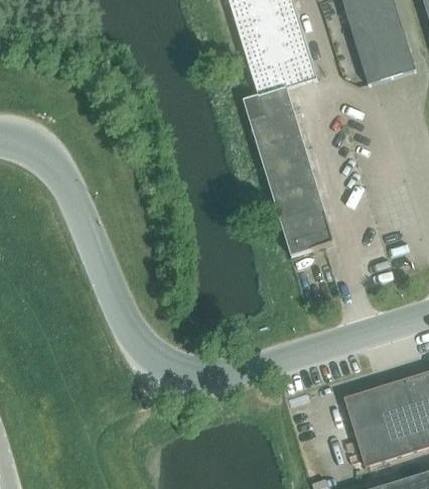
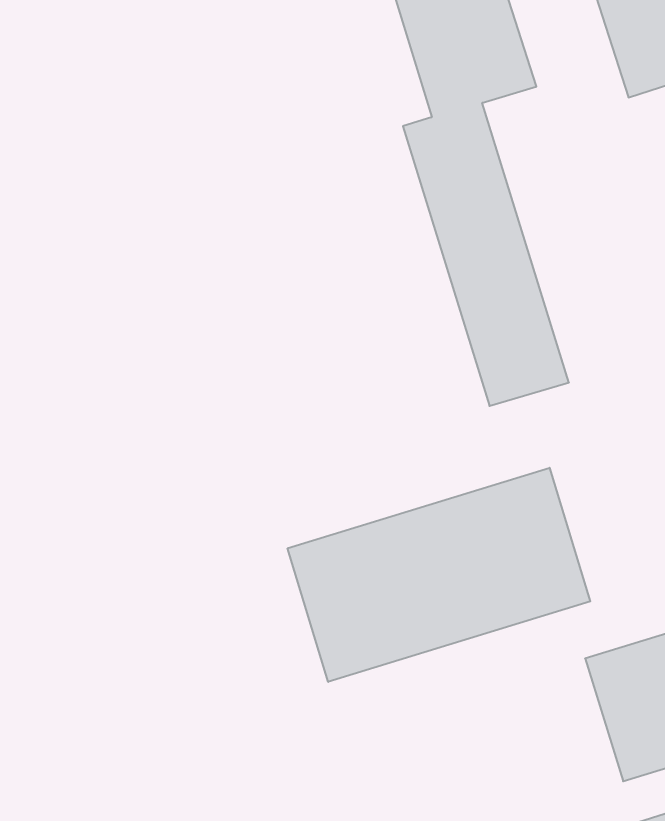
building: none -> [288,468,590,682]

